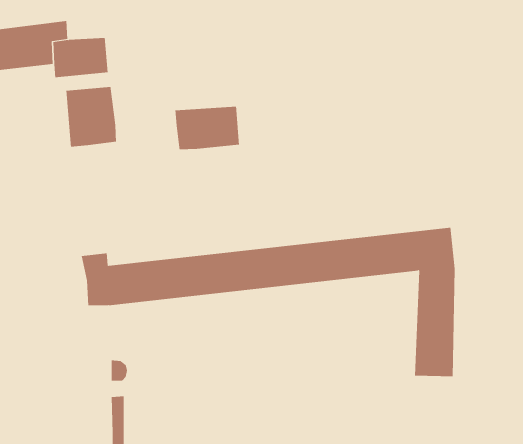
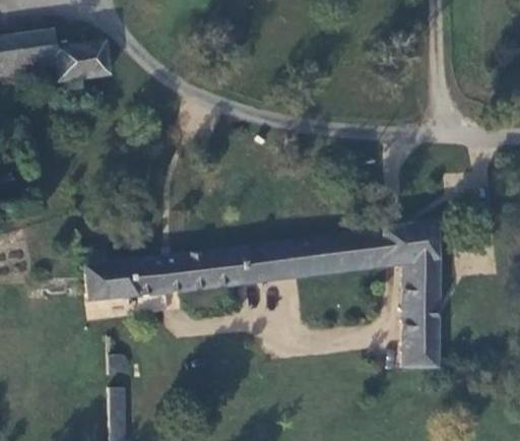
building: [66,86,117,147] -> none
building: [175,106,239,150] -> none

